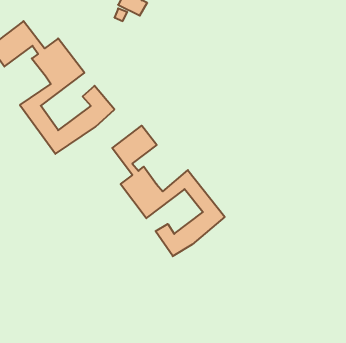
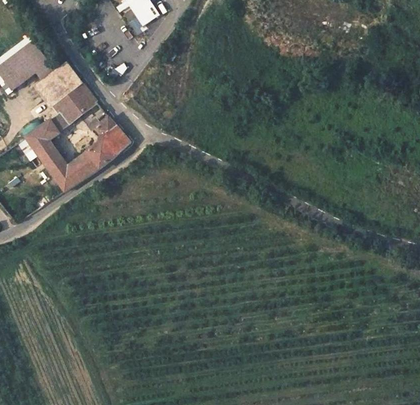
building: [112,126,225,256] -> none

